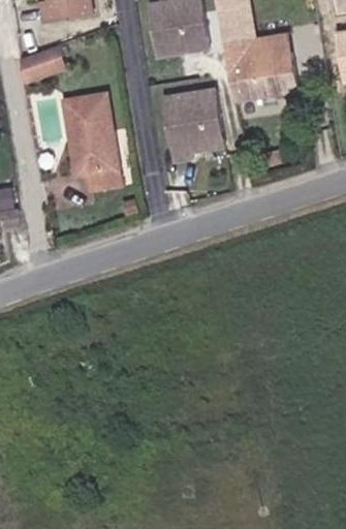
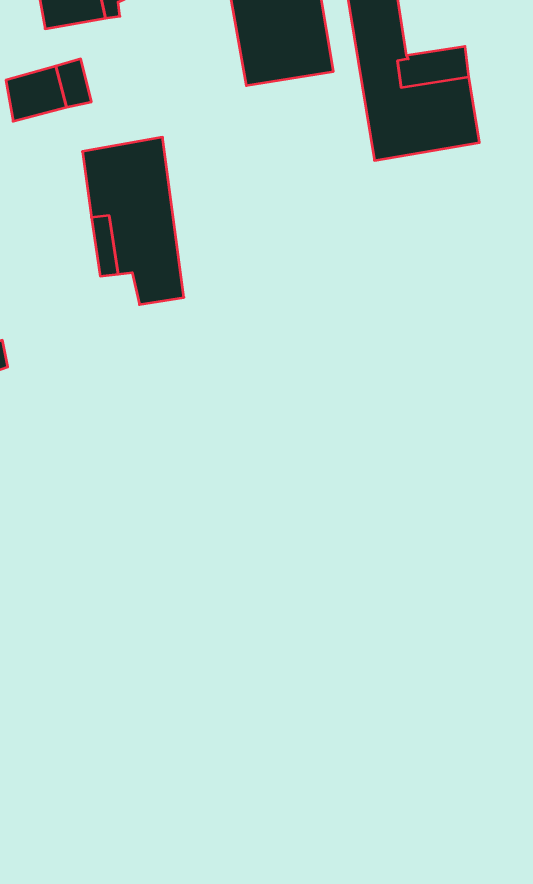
building: [162,90,220,152] -> none

